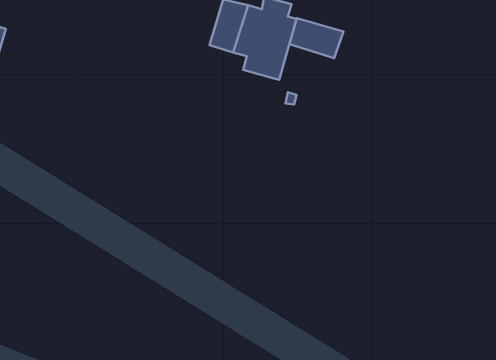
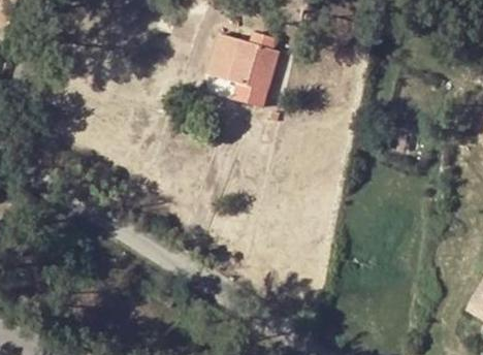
building: [289,18,343,58] -> none

